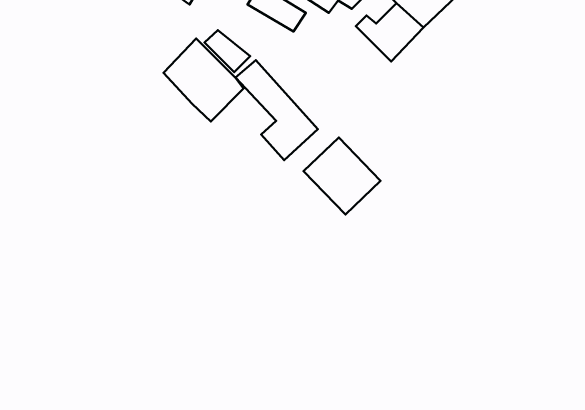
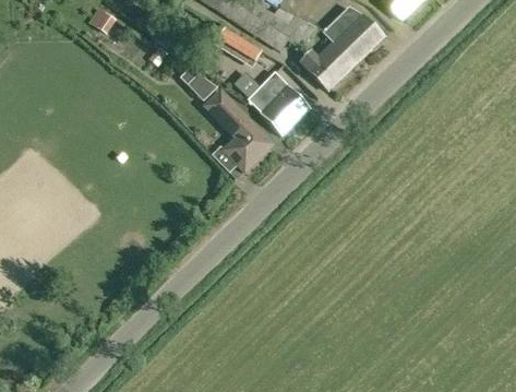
building: [164,39,244,121] -> none
building: [304,137,381,215] -> [247,72,309,134]

